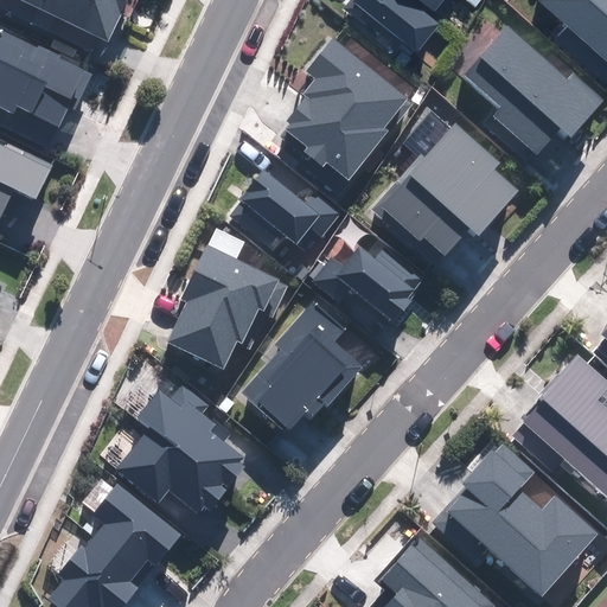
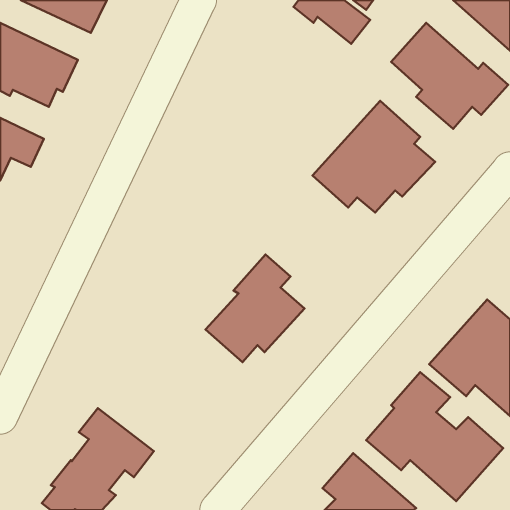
building: [285,39,405,178] -> none
building: [229,171,339,254] -> none
building: [317,243,420,336] -> none
building: [168,245,288,366] -> none
building: [117,385,243,511] -> none

